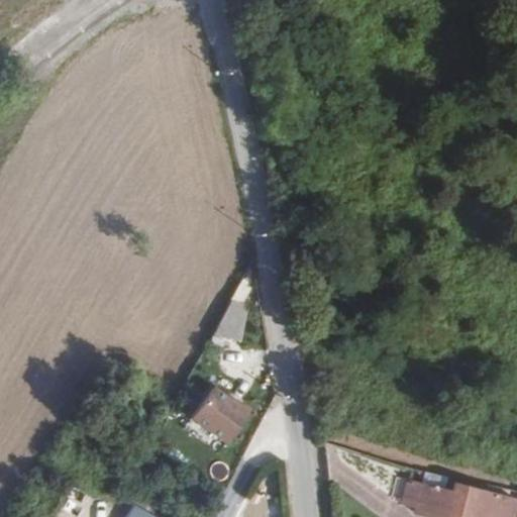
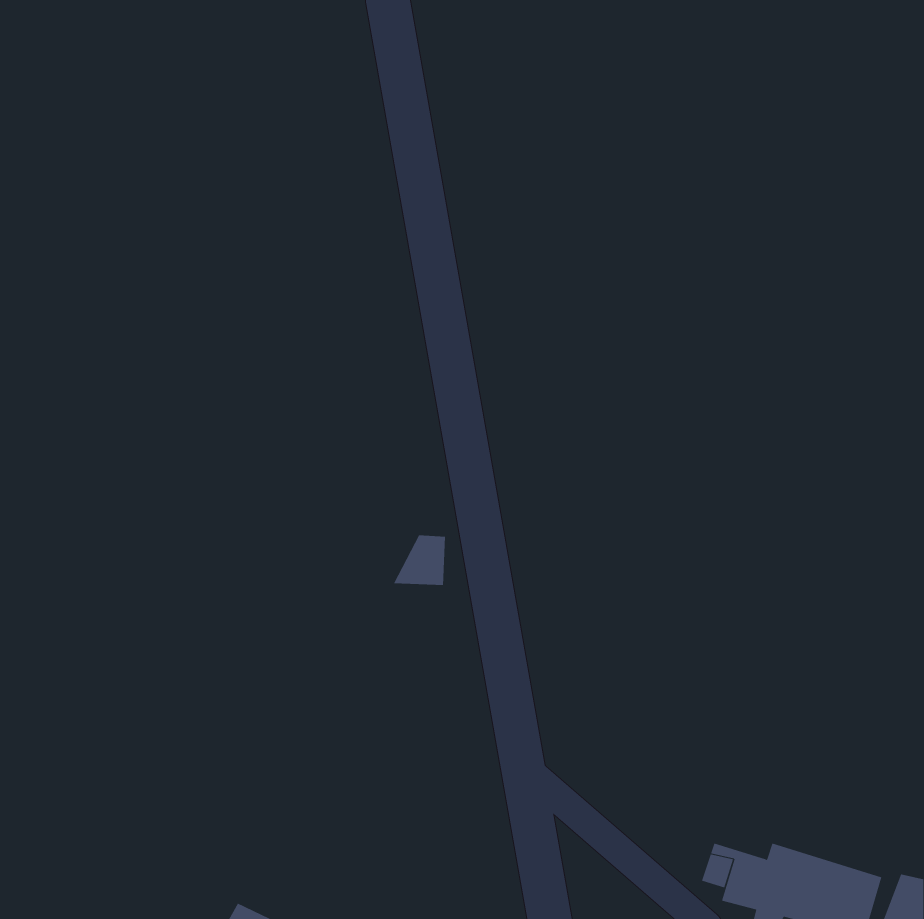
building: [192,395,249,448] -> none

